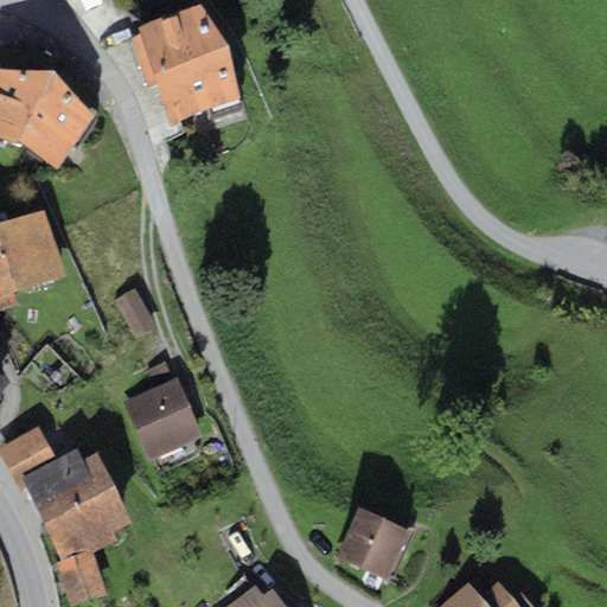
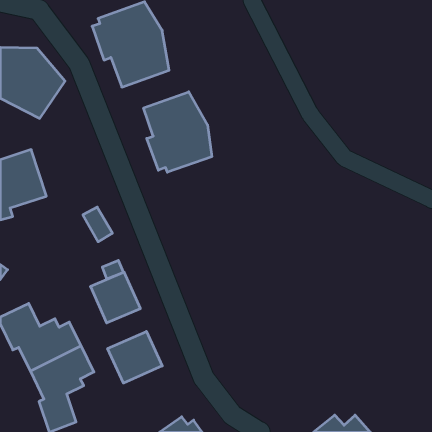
building: none -> [144,92,212,172]
building: none -> [108,331,162,383]
building: [337,507,410,579] -> none

